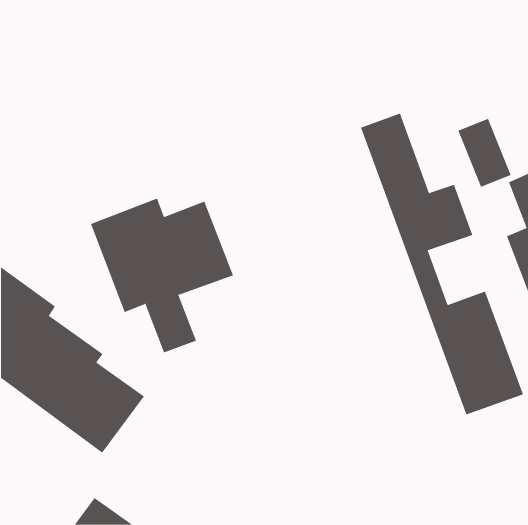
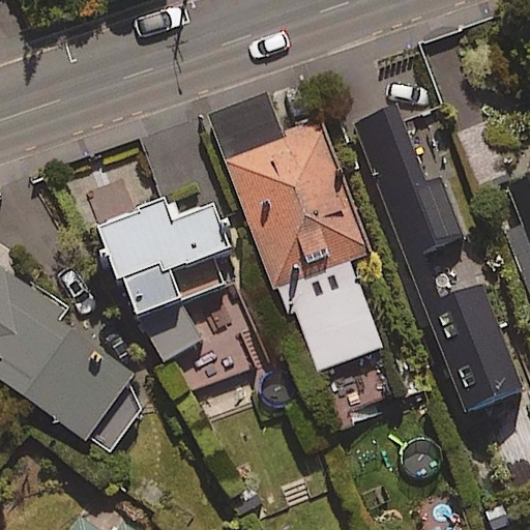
building: none -> [224,122,378,367]

